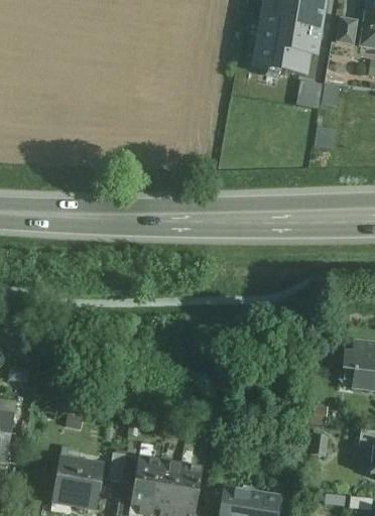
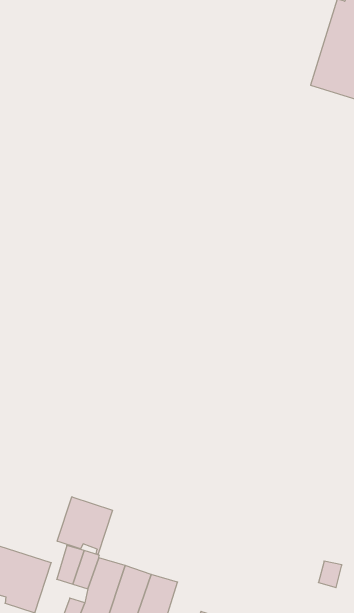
building: none -> [57,497,112,555]

